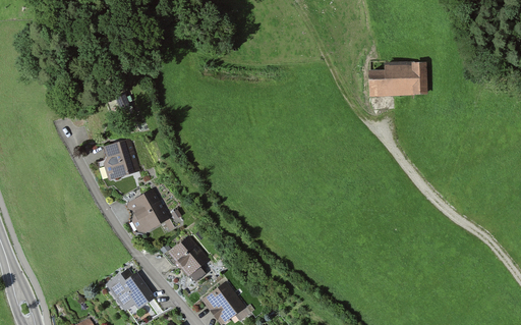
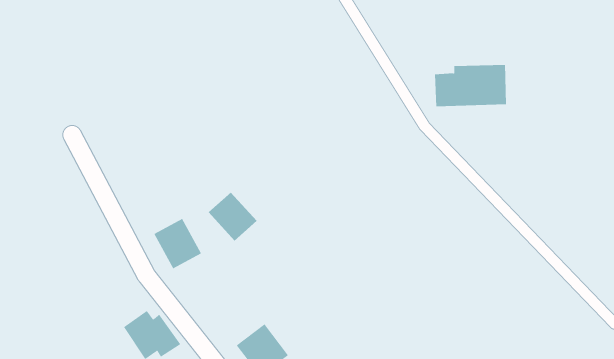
building: [102,140,136,178] -> none
building: [170,235,212,277] -> [208,192,257,241]

